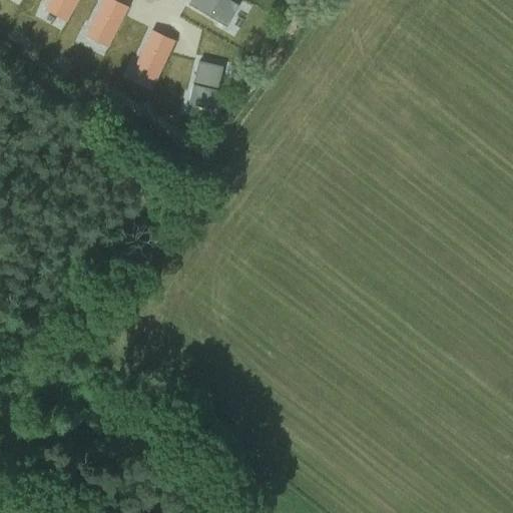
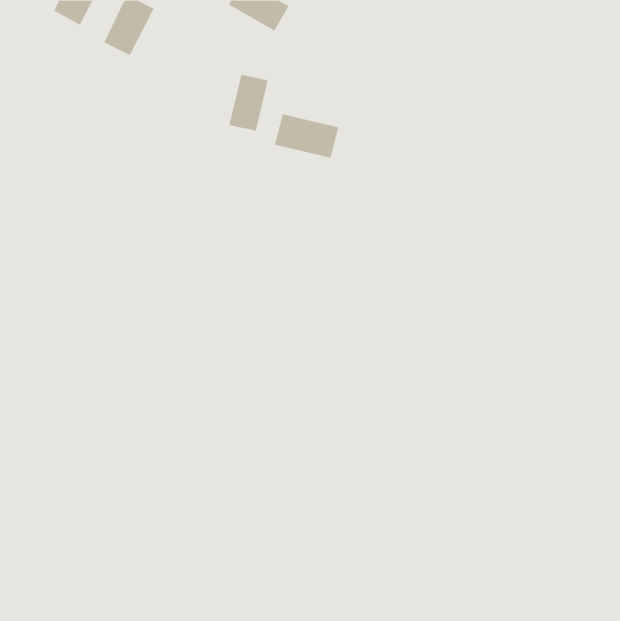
building: [132,30,174,81] -> none
building: none -> [274,113,339,159]

